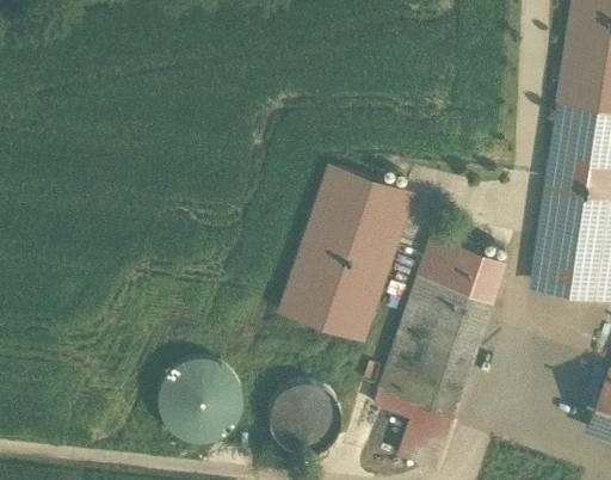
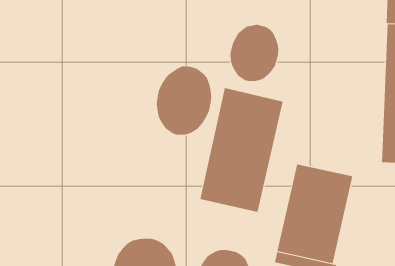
building: none -> [230,24,279,82]
building: none -> [156,65,212,136]
building: [416,240,504,304] -> none

